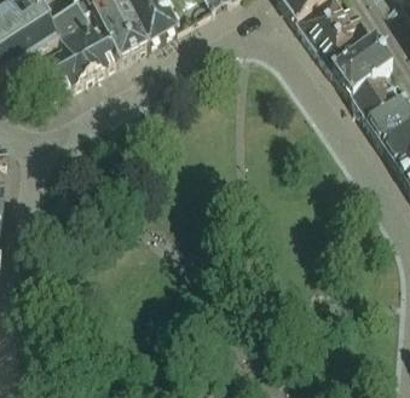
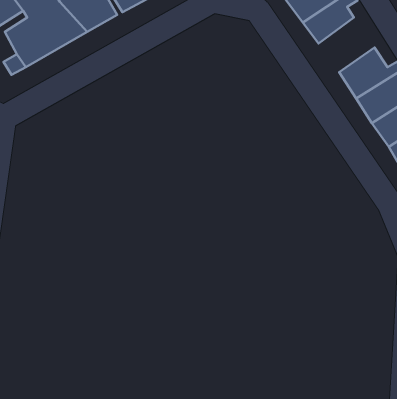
building: [333,35,392,92] -> none

